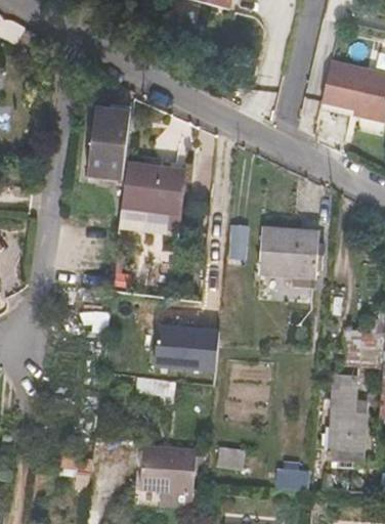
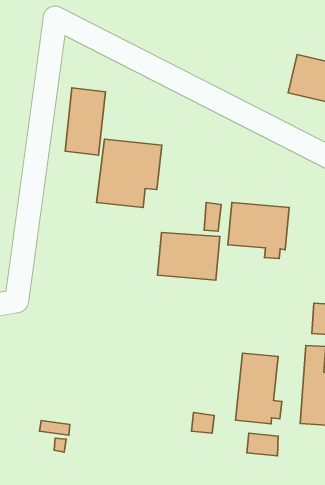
building: [154,323,218,373] -> [158,233,220,280]
building: none -> [235,353,282,424]
building: [139,446,196,505] -> none

